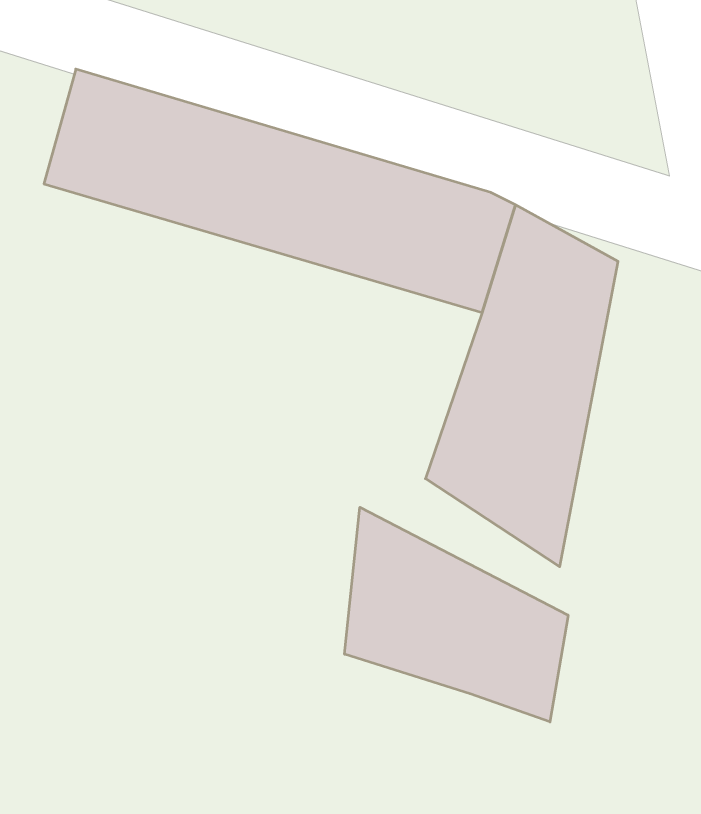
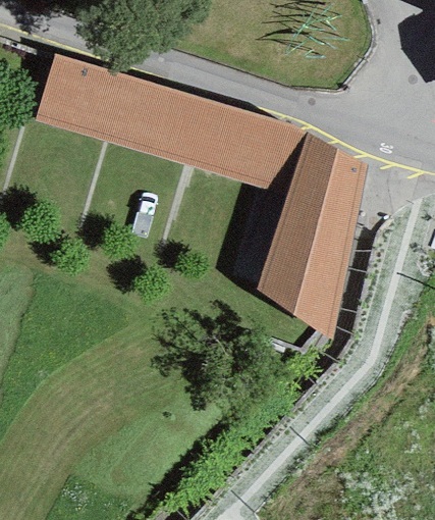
building: [345,507,568,722] -> none

